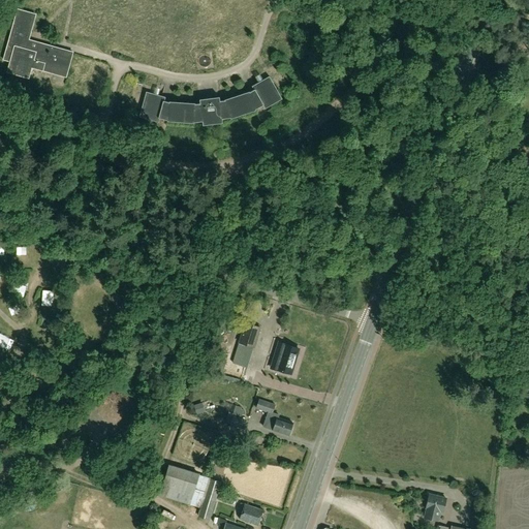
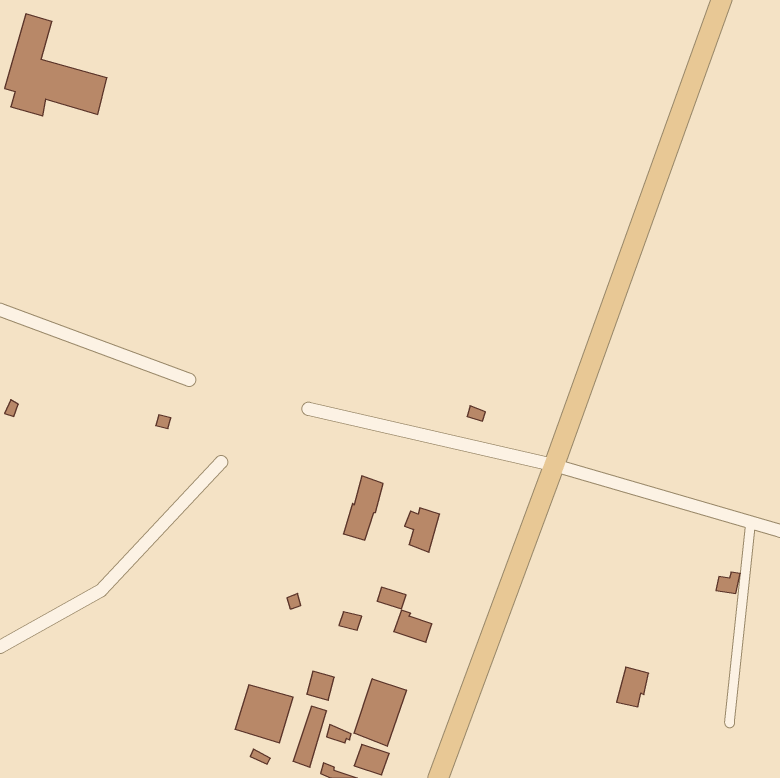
building: [138,76,282,125] -> none
building: none -> [354,679,406,746]
building: [424,494,445,521] -> [617,667,649,707]

